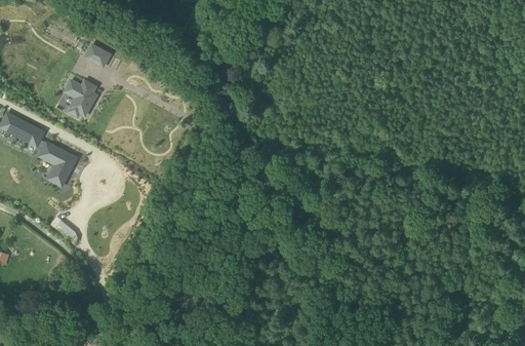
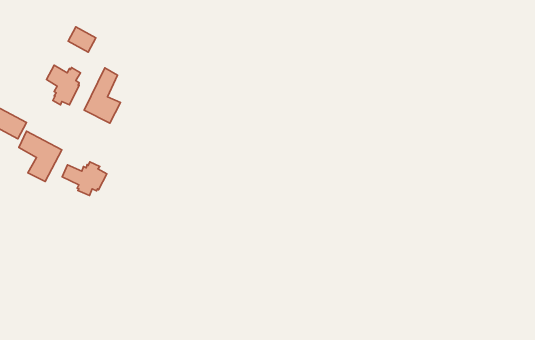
building: none -> [84,68,121,123]
building: none -> [62,162,107,196]

